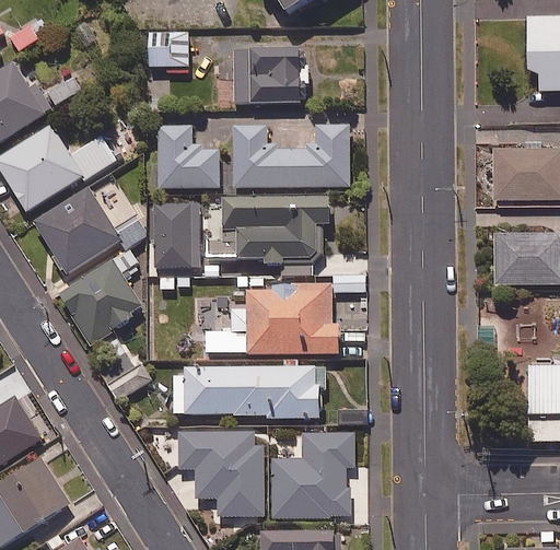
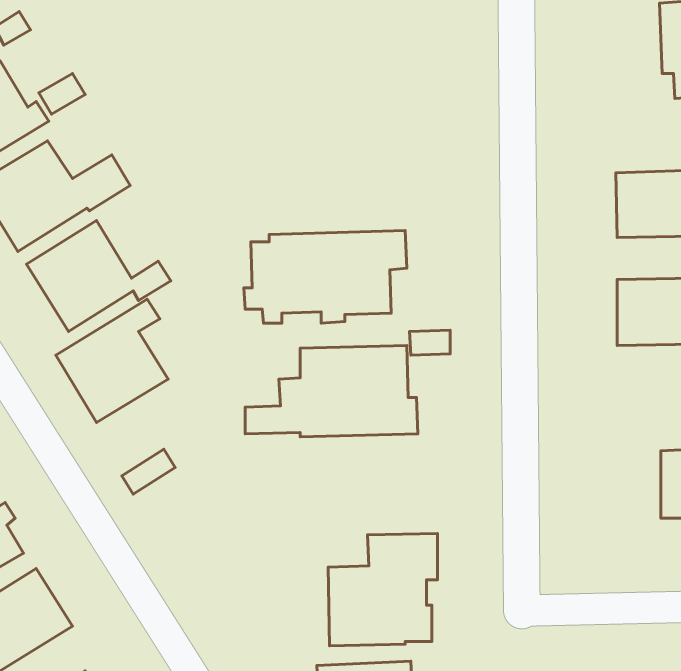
building: [148,33,188,67] -> none
building: [233,49,307,104] -> none
building: [232,125,349,187] -> none
building: [158,126,218,188] -> none
building: [153,203,198,268] -> none
building: [173,367,319,419] -> none
building: [177,430,266,517] -> none

